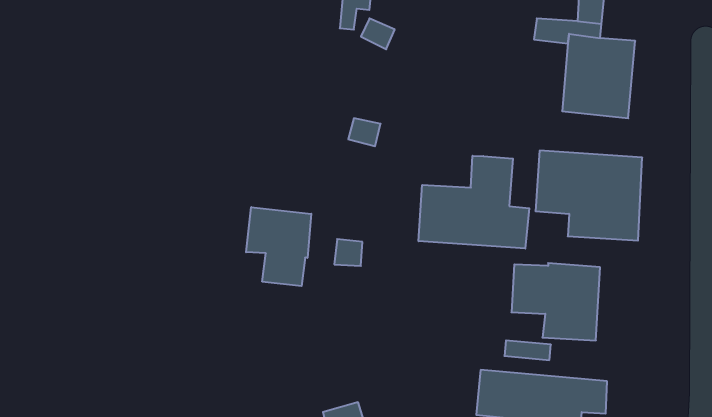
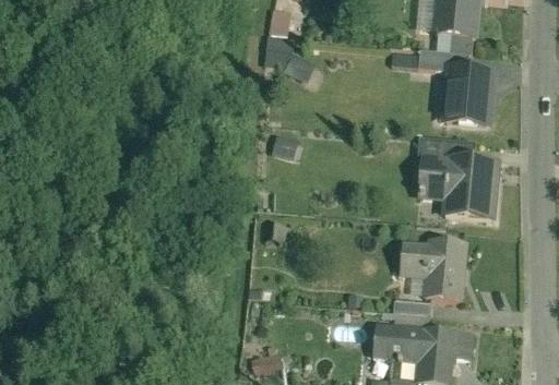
building: [419,156,529,249] -> none
building: [246,207,311,286] -> none

